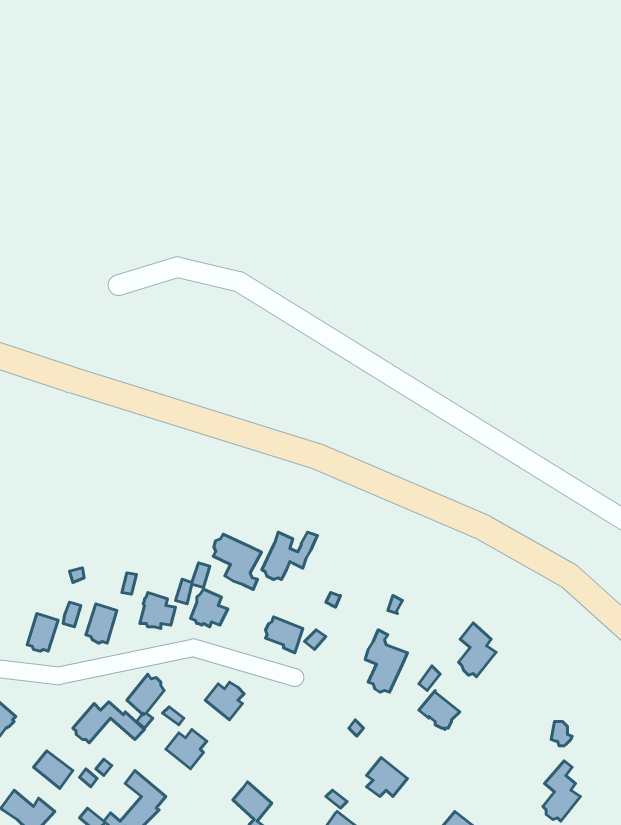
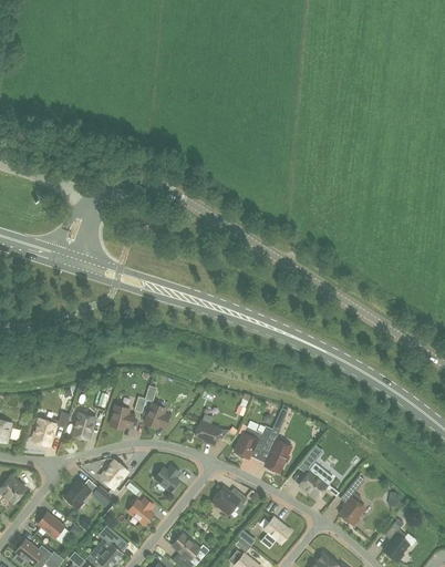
building: [262,532,317,580] -> [235,425,272,457]
building: [213,534,261,590] -> none
building: [459,623,496,677] -> [339,486,364,523]
building: none -> [213,487,247,513]

